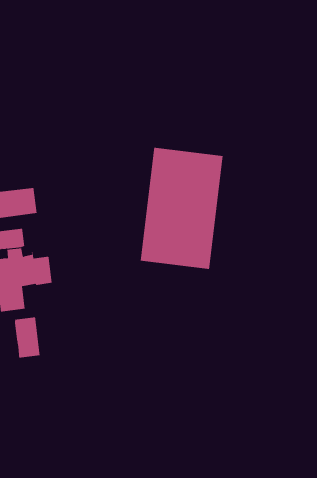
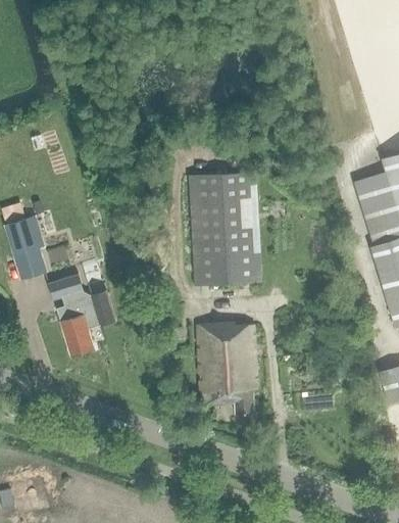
building: none -> [197,322,256,413]
building: [14,316,40,359] -> none

